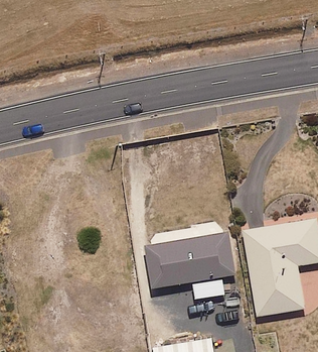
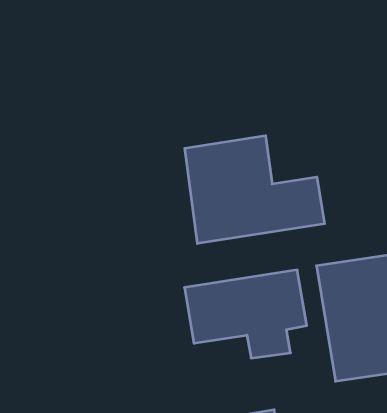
building: none -> [185,136,325,244]

